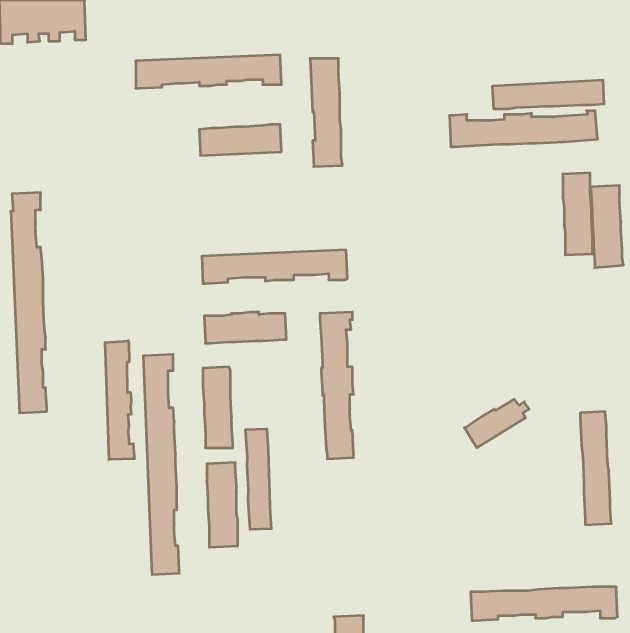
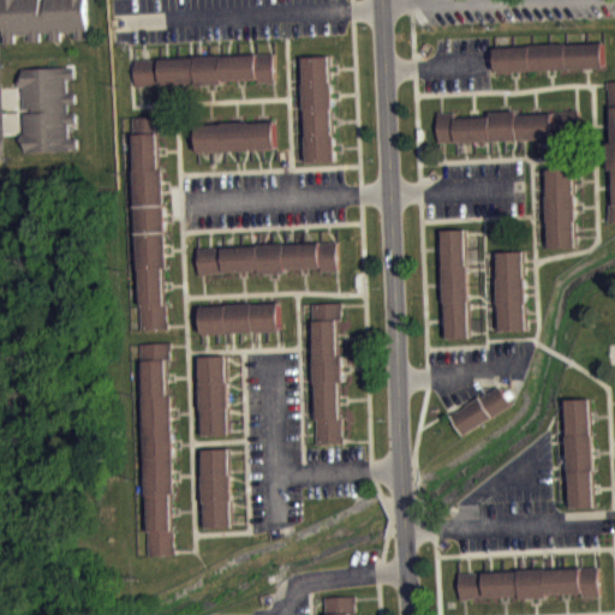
building: none -> [17,70,74,154]
building: [492,80,604,109] -> [490,44,598,72]
building: [591,186,623,268] -> [494,252,525,332]
building: [11,193,47,413] -> [129,118,163,330]
building: none -> [438,229,466,338]
building: [105,341,134,460] -> none
building: [246,429,271,529] -> none

